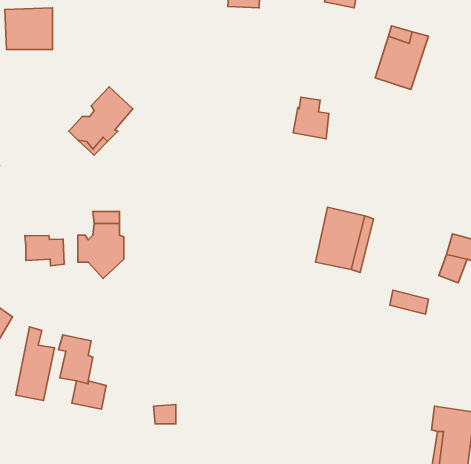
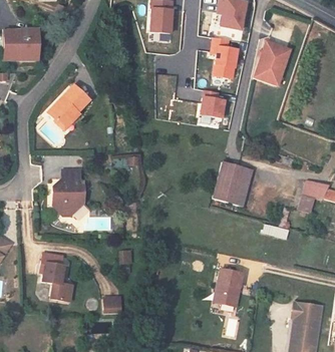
building: none -> [215,37,243,76]
building: [25,236,64,266] -> none
building: [16,327,55,401] -> none
building: none -> [215,267,243,304]

